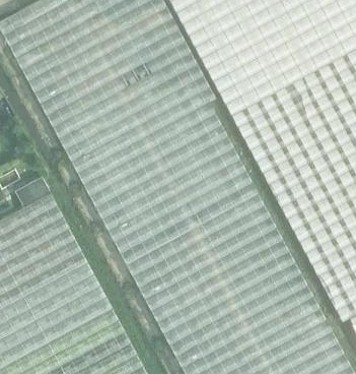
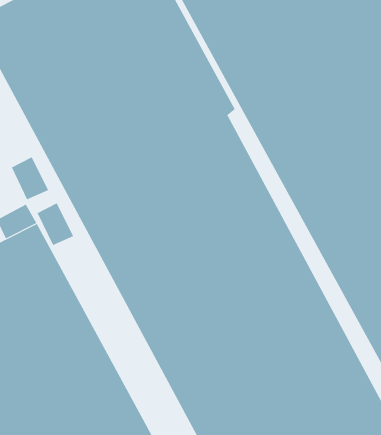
building: none -> [11,157,49,200]
building: none -> [37,203,74,246]

